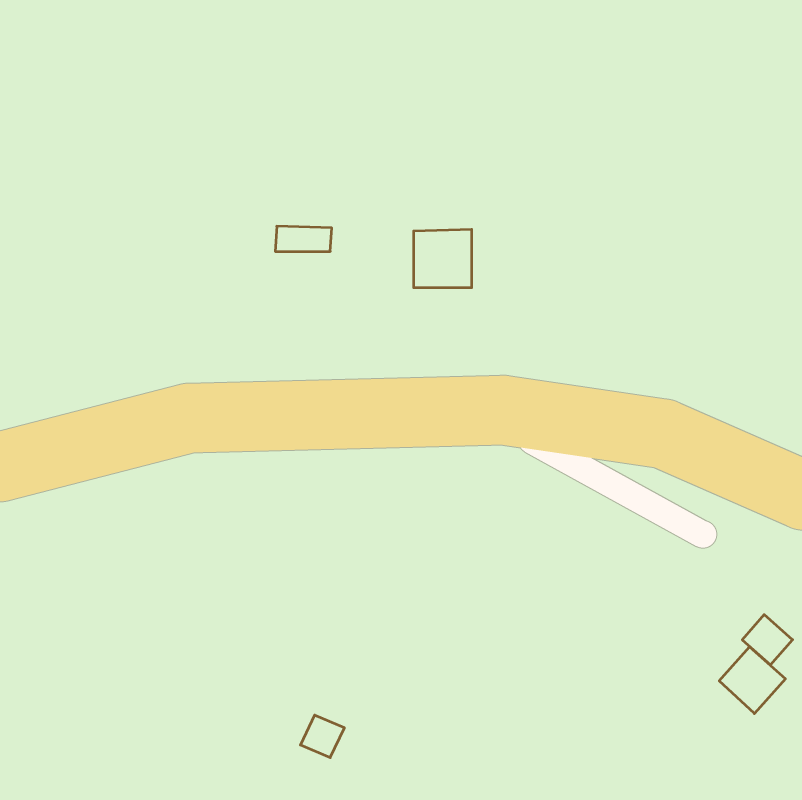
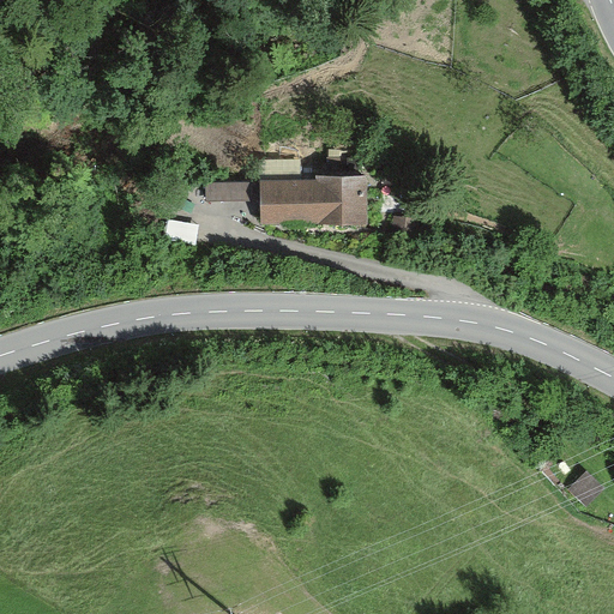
building: none -> [260,182,317,222]
building: [719,647,785,714] -> none

